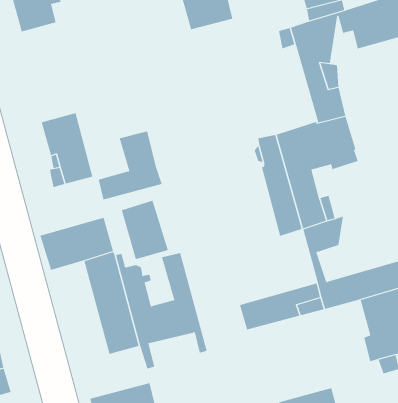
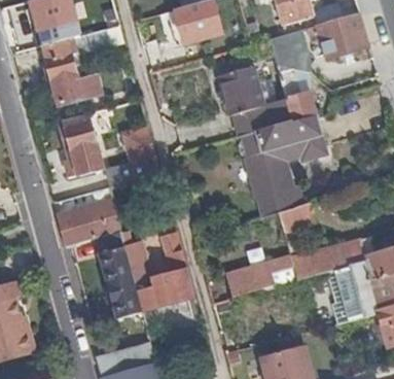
building: none -> [41,28,108,104]
building: none -> [218,65,291,135]
building: [121,200,168,260] -> none

